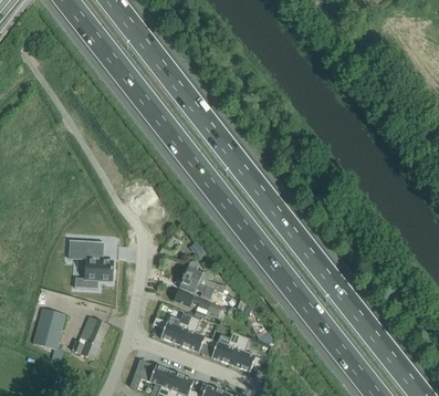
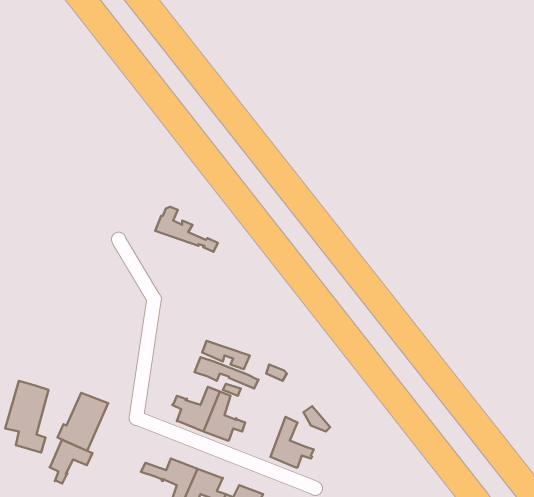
building: [69,241,112,290] -> none
building: [181,260,228,293] -> [155,207,218,252]
building: [208,331,240,364] -> none
building: none -> [50,440,92,483]

